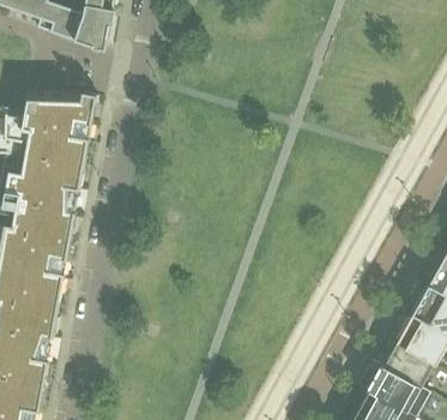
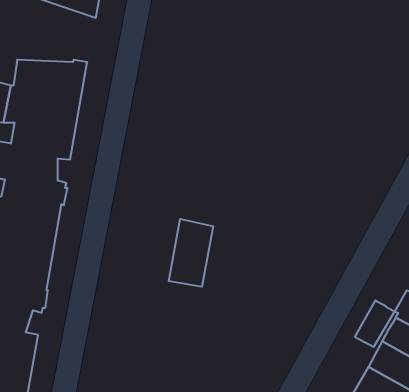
building: none -> [169,219,213,287]
building: none -> [355,300,394,347]

